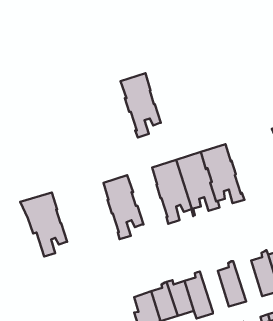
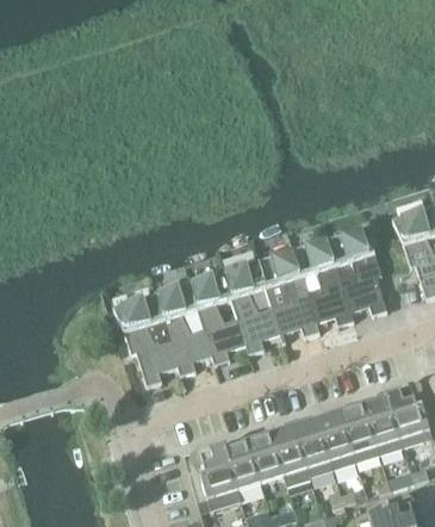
building: [121,73,161,137] -> [191,274,247,364]
building: none -> [328,228,387,314]
building: [20,192,67,256] -> [113,296,179,385]
building: none -> [338,403,379,461]
building: none -> [292,417,333,476]

